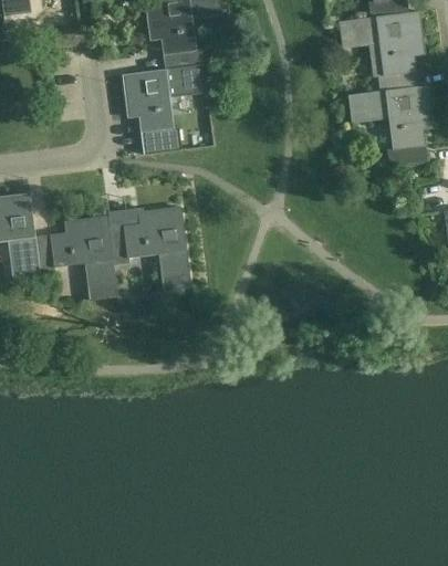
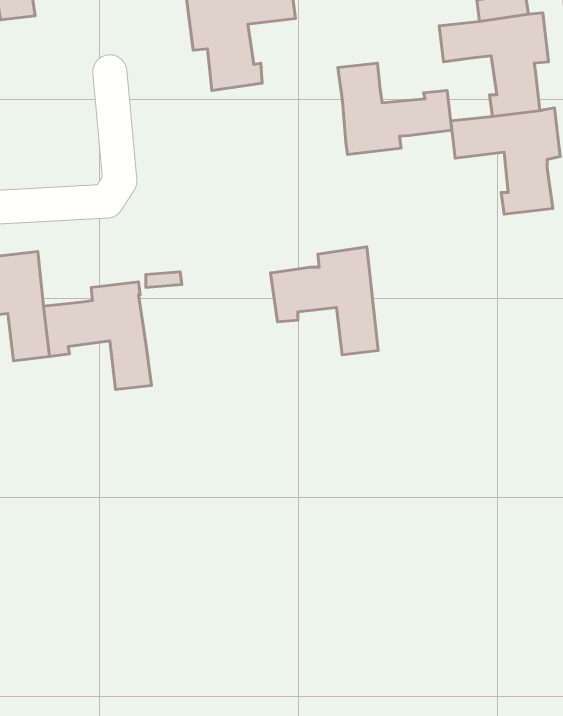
building: none -> [338,63,452,154]
building: [123,64,207,147] -> none
building: [107,207,190,290] -> [270,247,378,355]

